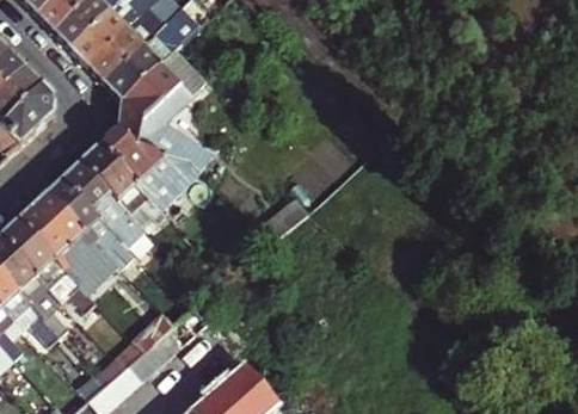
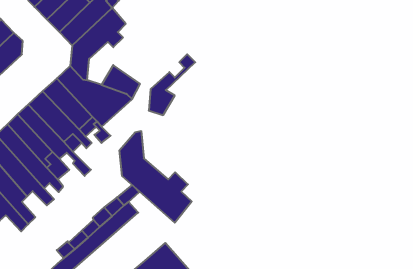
building: [140,70,202,152] -> [149,54,195,115]
building: none -> [120,131,192,223]

